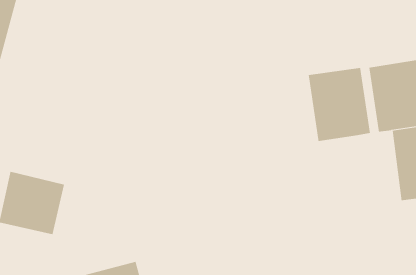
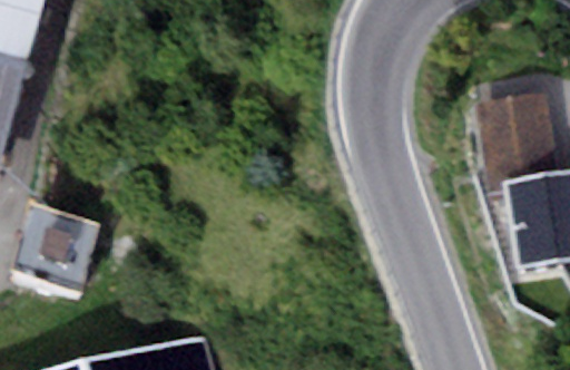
building: [308,67,371,142] -> none

